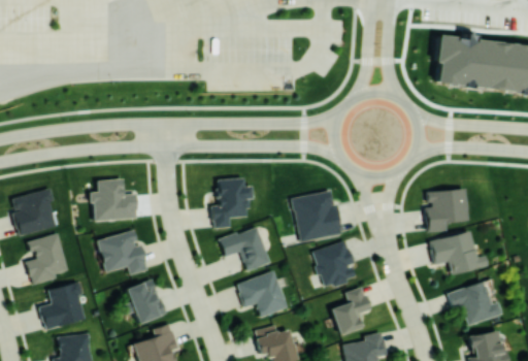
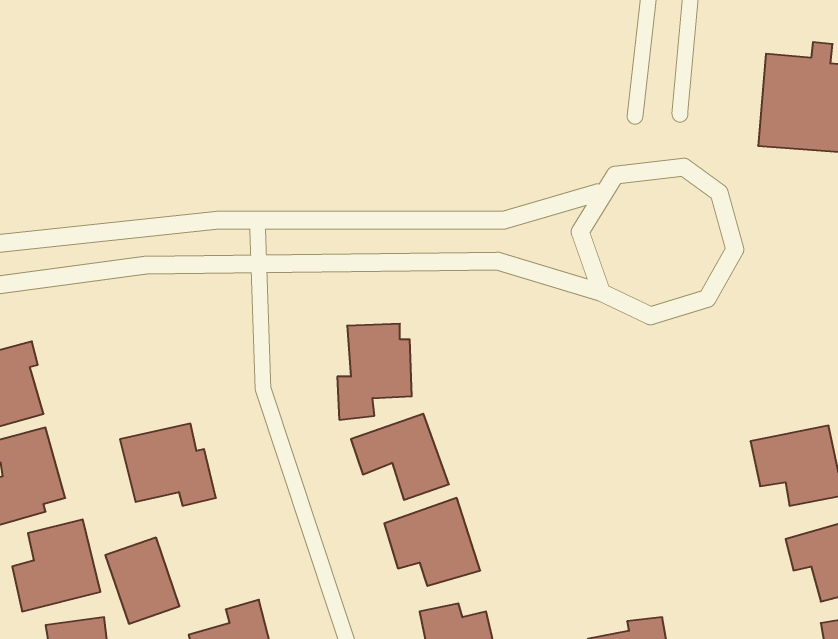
building: [92,178,137,222] -> none
building: [426,188,469,232] -> none
building: [293,191,342,241] -> none
building: [314,241,357,289] -> none
building: [127,278,166,324] -> [105,538,180,624]
building: [332,287,370,335] -> none

